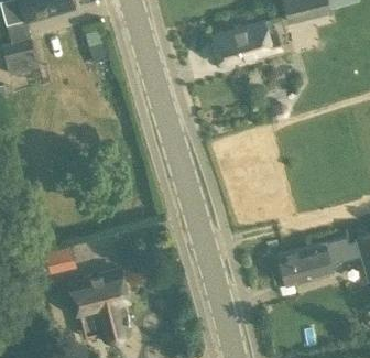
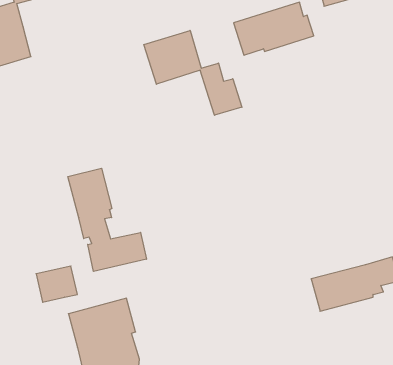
building: none -> [144,30,242,115]
building: none -> [68,168,146,271]

